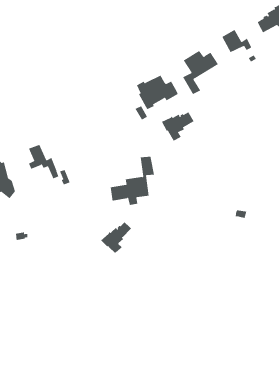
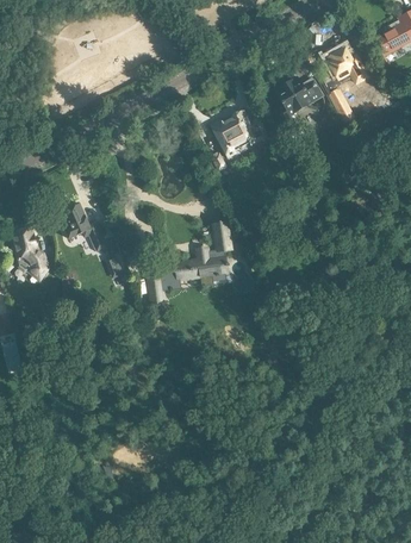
building: [161,112,198,142] -> none
building: [100,222,137,254] -> none

